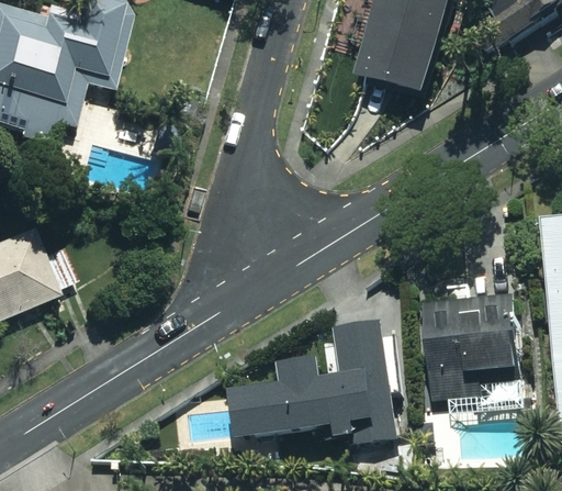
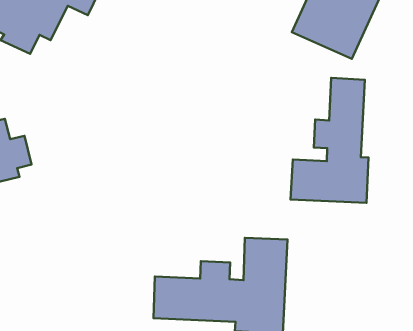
building: none -> [291,78,368,203]
building: [416,292,520,399] -> none

